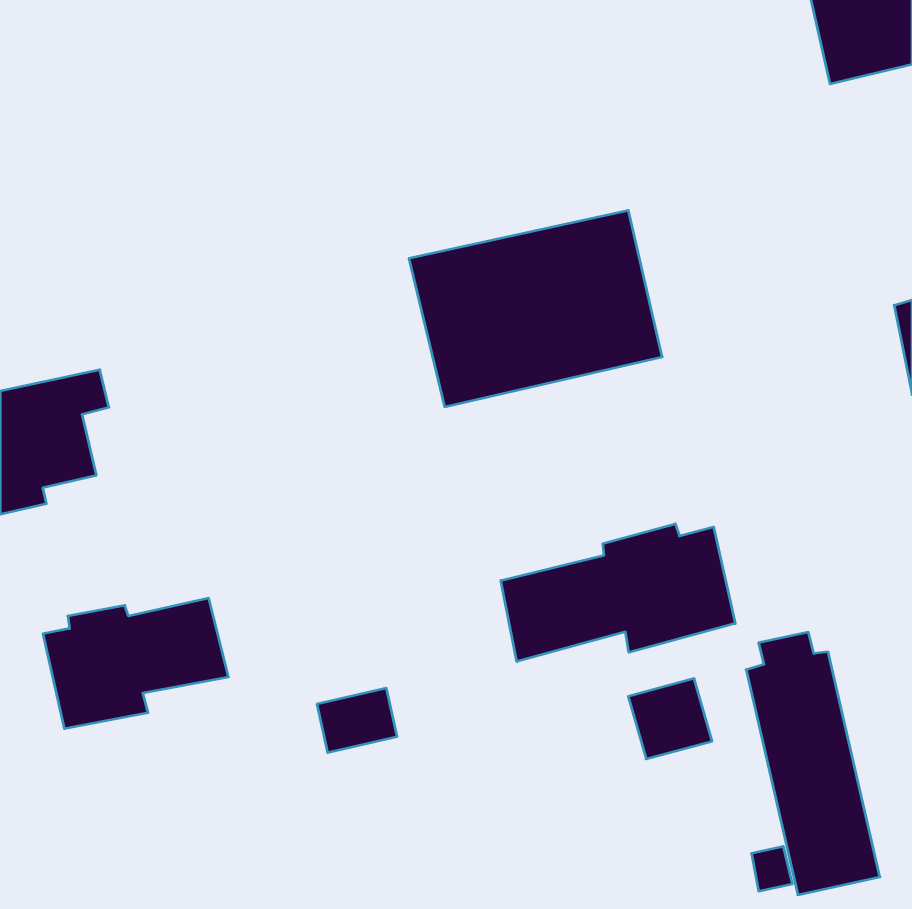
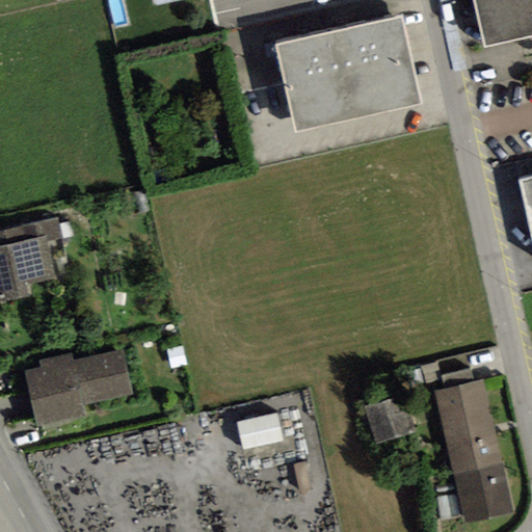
building: [409,210,662,407] -> [274,16,422,130]
building: [501,524,735,662] -> none
building: [317,688,397,753] -> [237,411,284,449]

